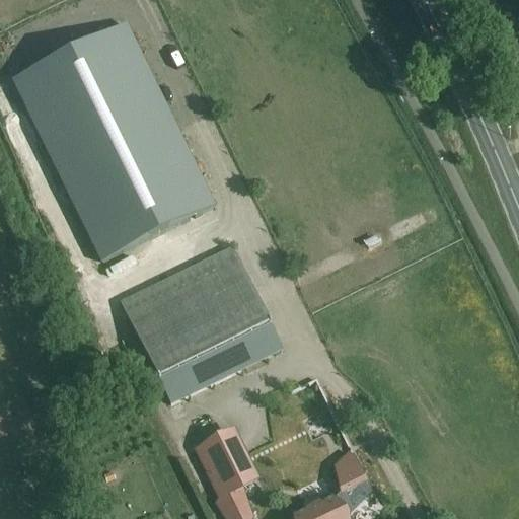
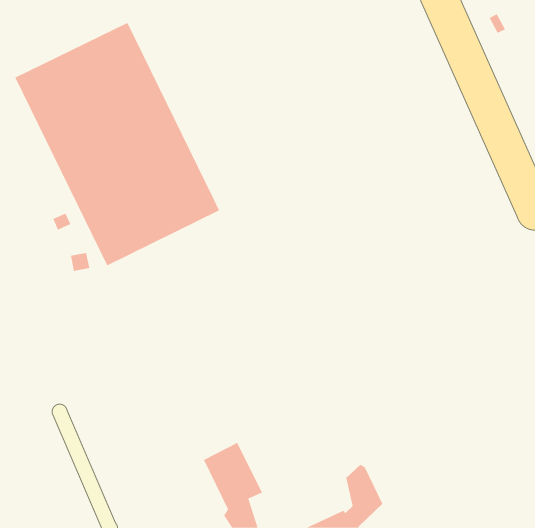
building: [123,248,282,400] -> none

